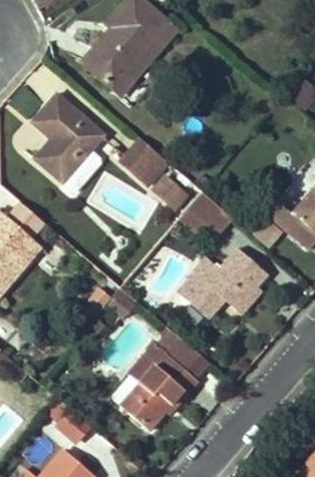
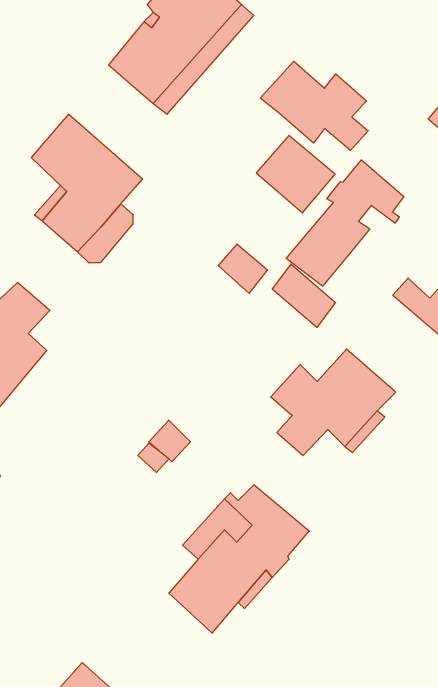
building: none -> [260,61,368,151]
building: none -> [286,160,404,286]
building: [116,137,168,187] -> [256,136,335,213]
building: [44,397,90,441] -> none

